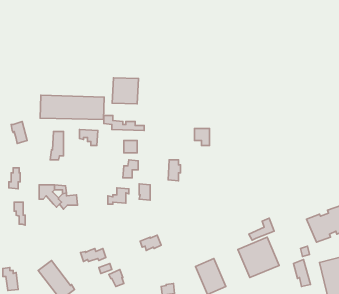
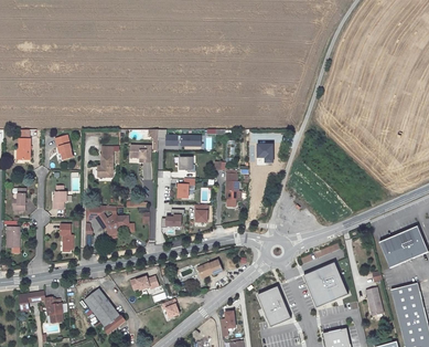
building: [112,78,138,104] -> none
building: [40,95,104,119] -> none

